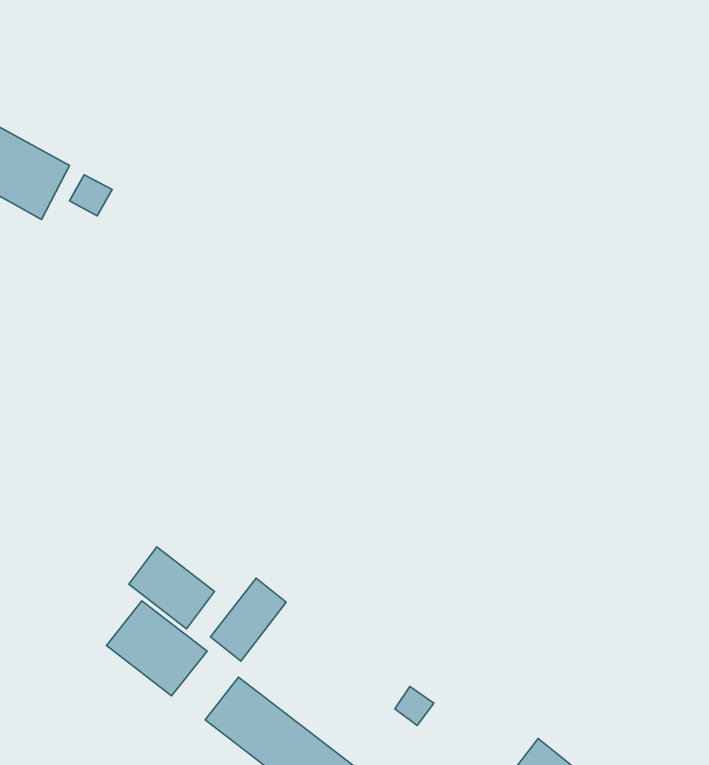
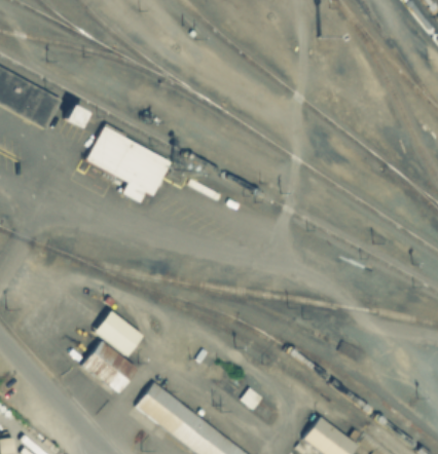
building: none -> [86,126,170,201]
building: [210,578,286,661] -> none

